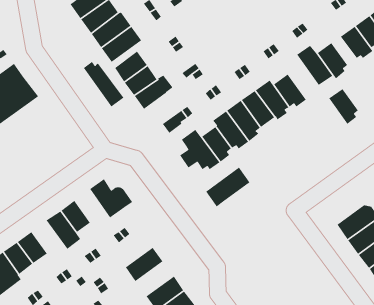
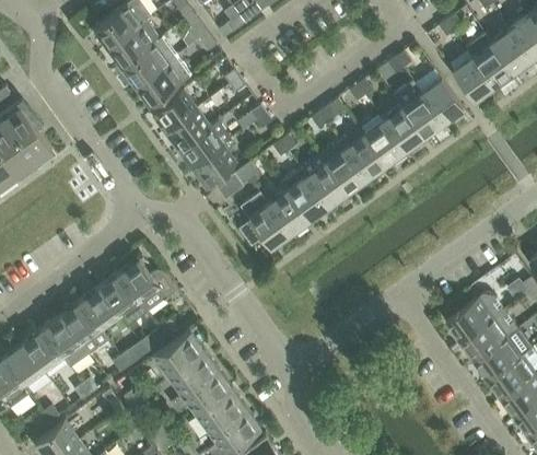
building: [83,61,124,107] -> none
building: [328,79,359,125] -> [383,94,423,154]
building: none -> [191,144,236,186]
building: [205,166,251,207] -> none
building: none -> [100,272,147,317]
building: none -> [43,314,90,368]
building: none -> [152,329,203,376]
building: none -> [171,369,232,415]

